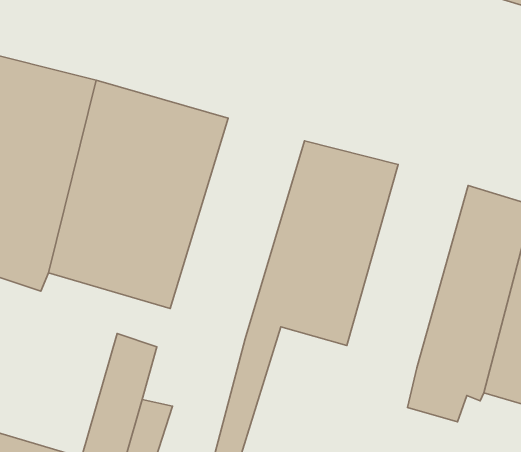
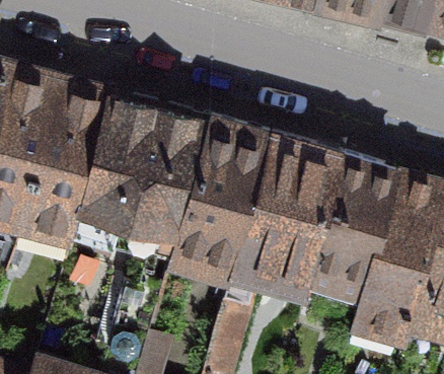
building: none -> [168,117,274,286]
building: none -> [306,152,399,308]

